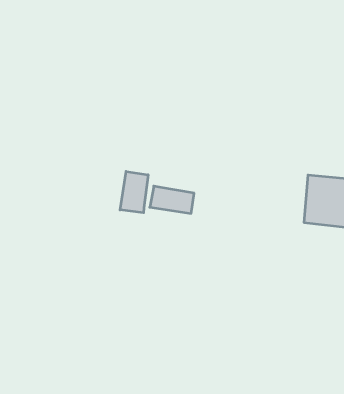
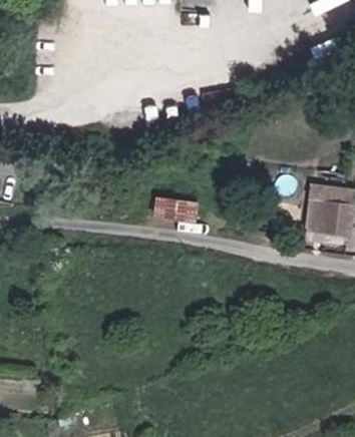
building: [120,171,148,213] -> none

